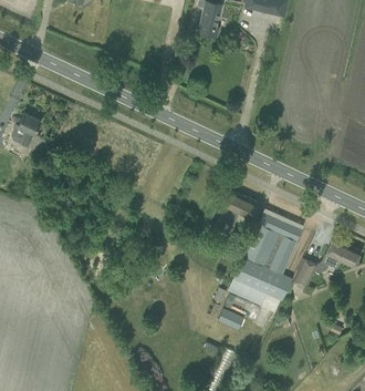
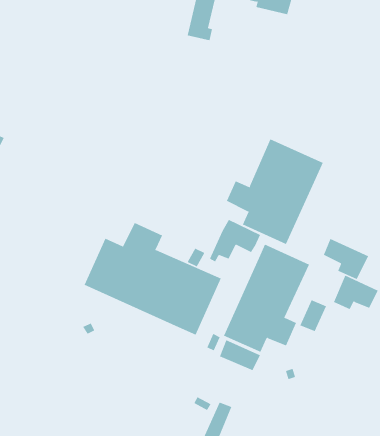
building: none -> [226,139,324,245]
building: none -> [84,222,221,336]
building: none -> [323,238,369,280]

